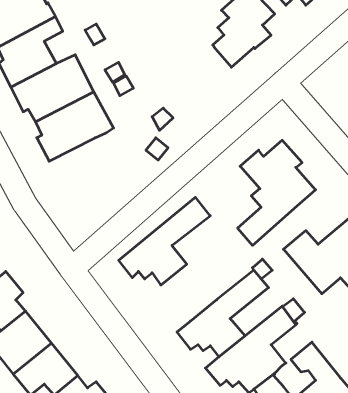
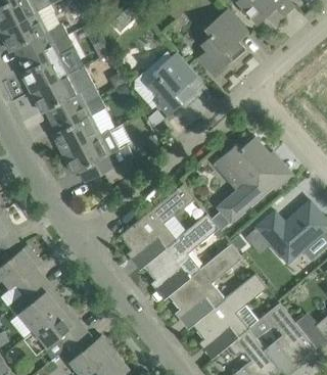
building: none -> [147,51,196,114]
building: none -> [62,130,133,182]
building: none -> [143,213,225,285]

